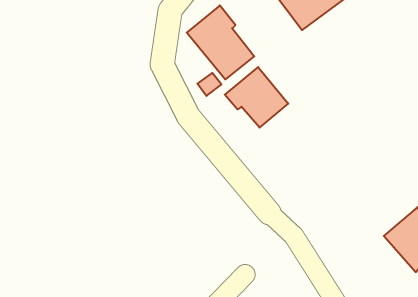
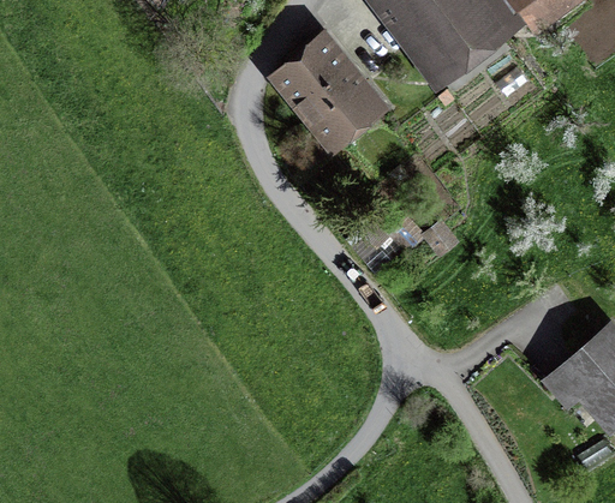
building: [225,67,288,128] -> none

